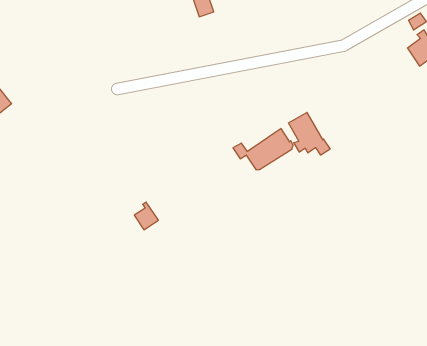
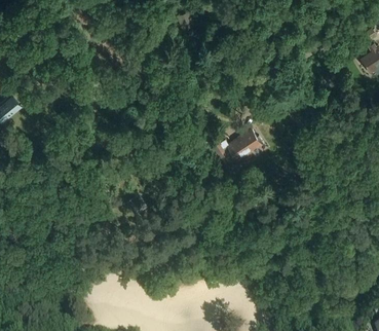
building: [289,112,330,155] -> none

